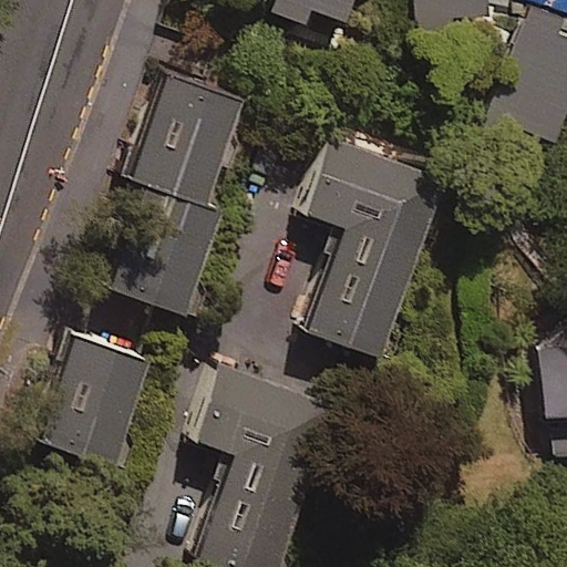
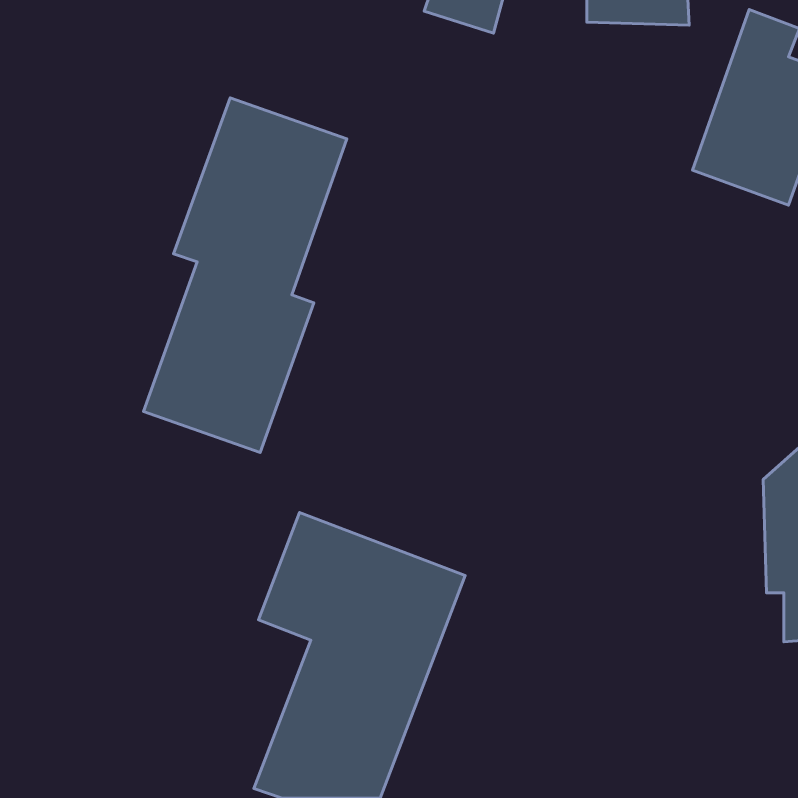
building: [297,136,440,357] -> none
building: [37,338,152,470] -> none

